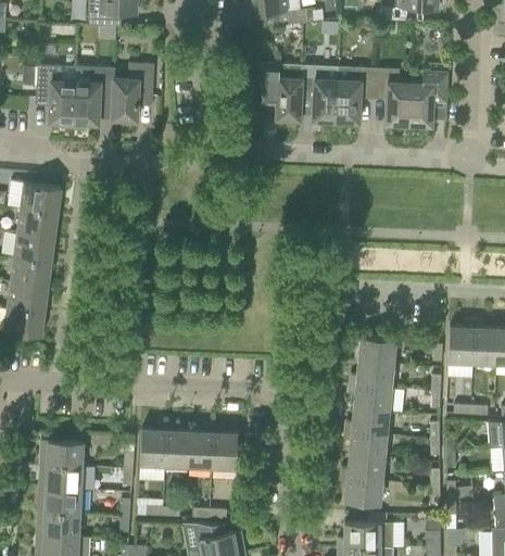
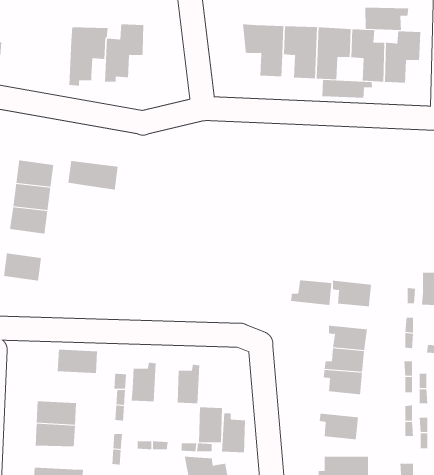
building: none -> [365,7,409,31]
building: [36,64,76,128] -> none
building: none -> [322,79,372,98]
building: [8,181,62,213] -> [68,160,119,190]
building: [8,281,49,312] -> none
building: [350,361,394,388] -> [290,280,332,305]
building: [165,424,190,466] -> none
building: [212,426,238,468] -> [221,413,246,453]
building: [40,440,84,466] -> [57,349,98,374]
building: [341,454,384,481] -> none
building: [37,511,80,536] -> none

